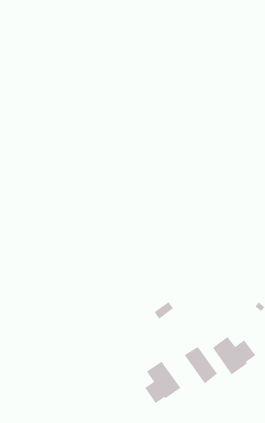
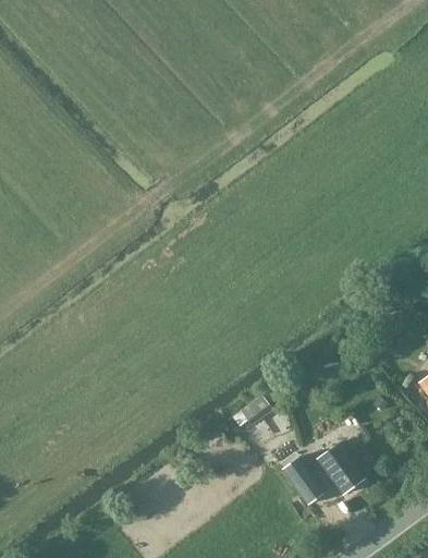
building: [145,361,181,404] -> none

